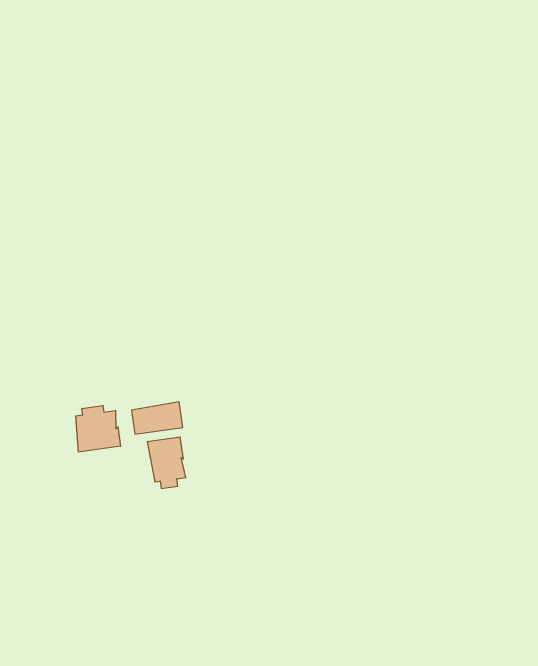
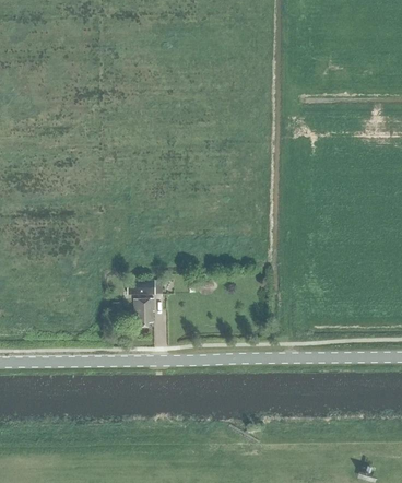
building: [76,405,121,452] -> none

